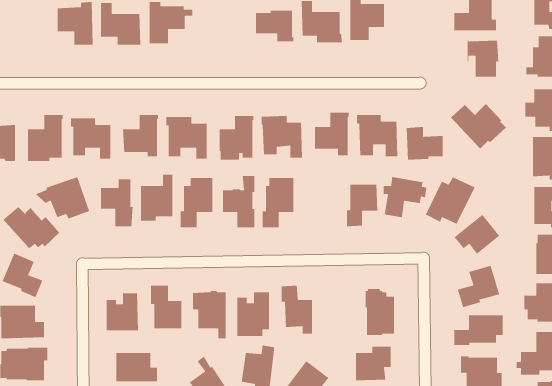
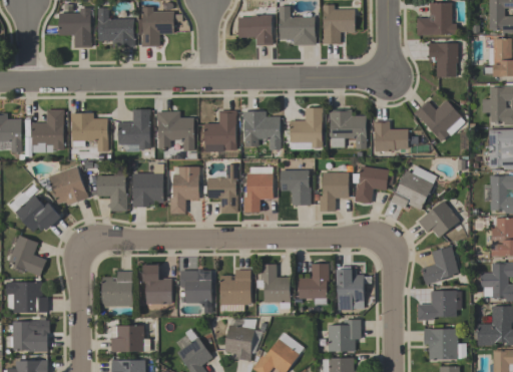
building: none -> [281,170,311,205]
building: none -> [298,264,329,305]

